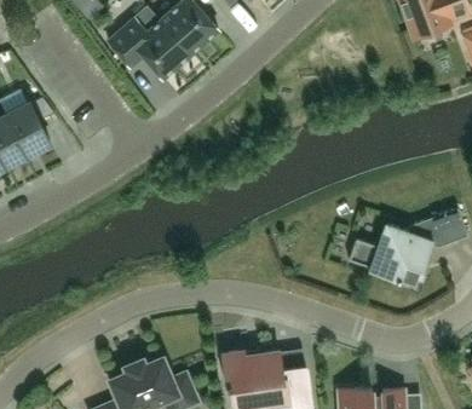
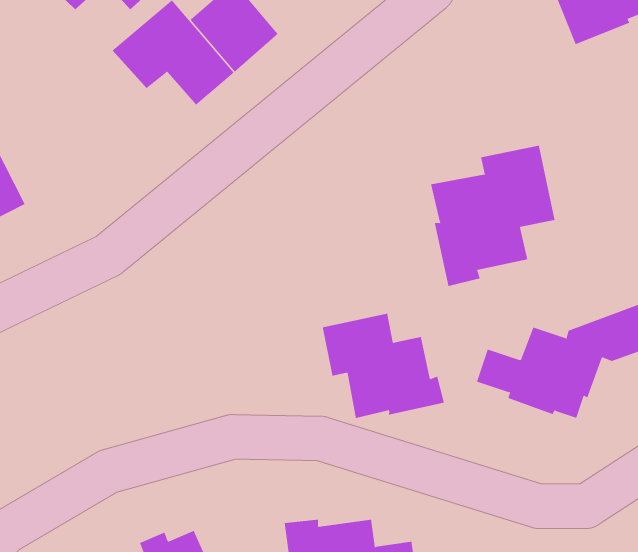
building: none -> [430,145,555,287]
building: none -> [322,313,444,419]

